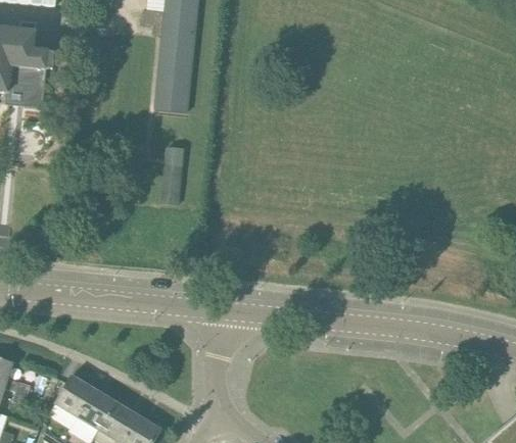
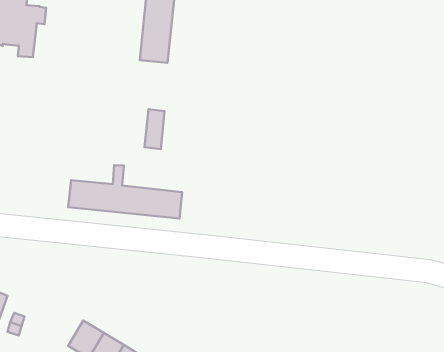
building: none -> [68,165,182,218]
building: [55,375,94,416] -> none

